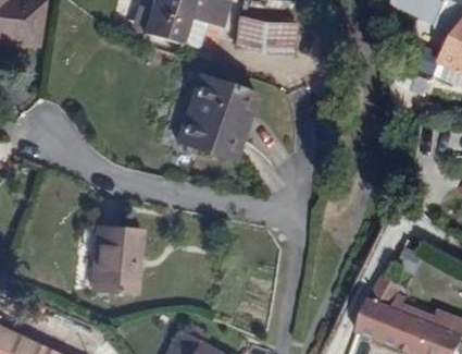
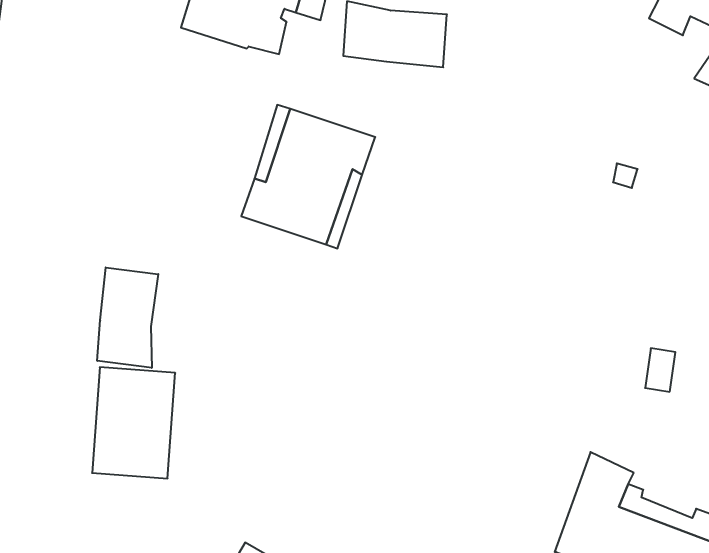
building: none -> [97,267,158,368]

